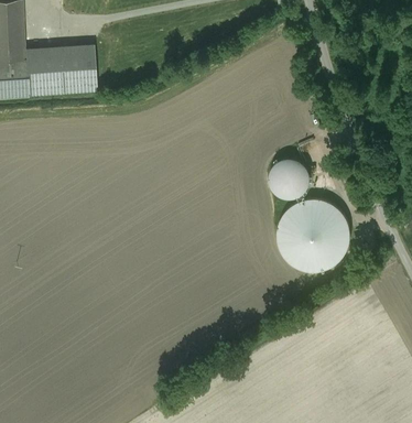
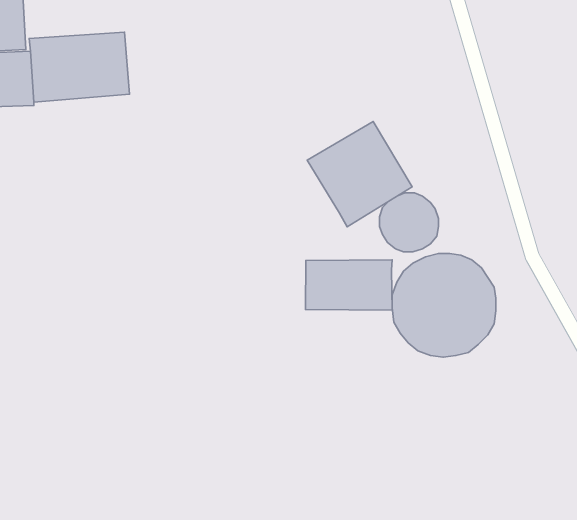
building: none -> [307,122,412,227]
building: none -> [306,260,392,310]

